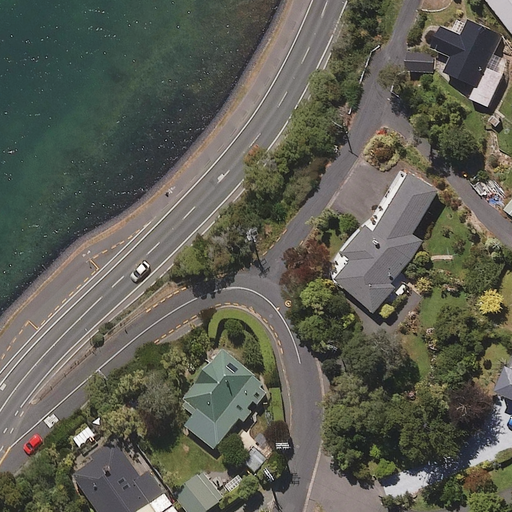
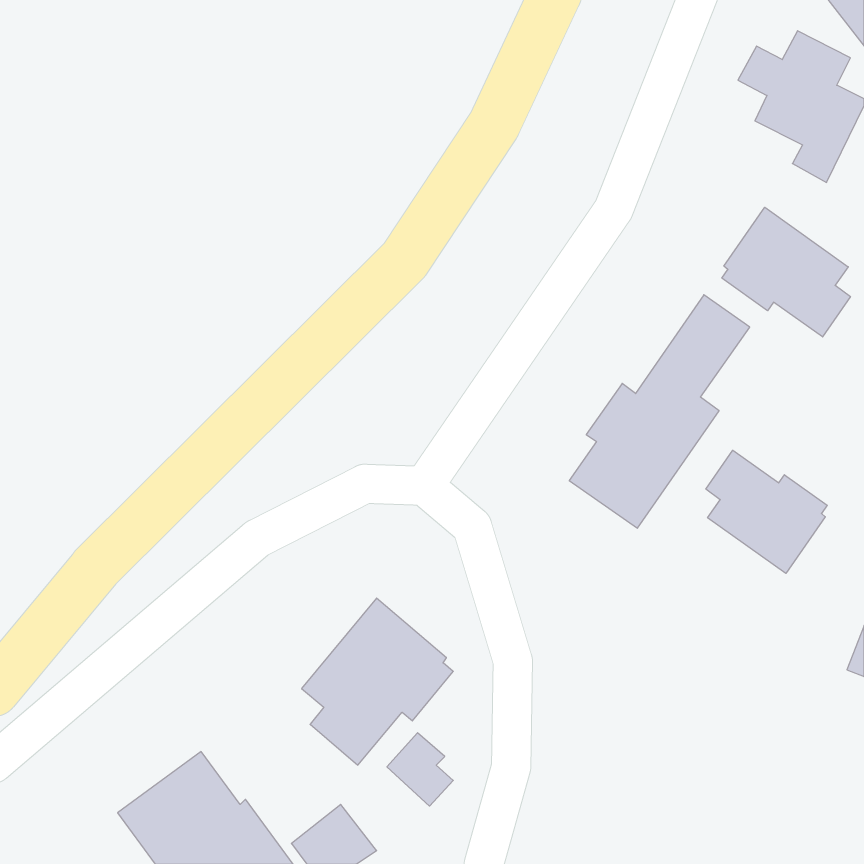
building: none -> [722,207,850,337]
building: none -> [706,450,827,573]

